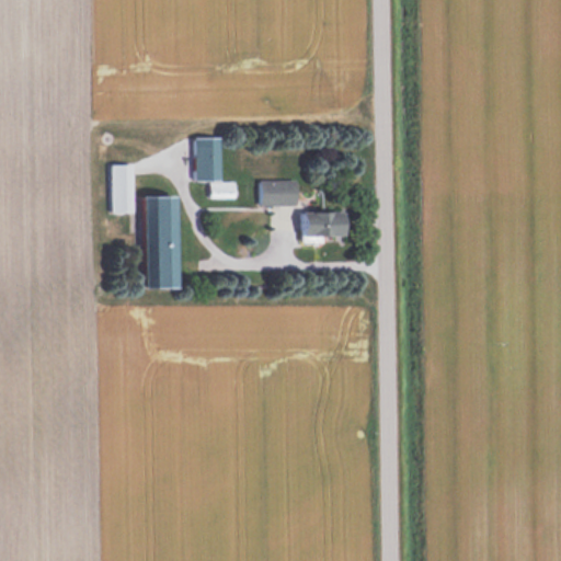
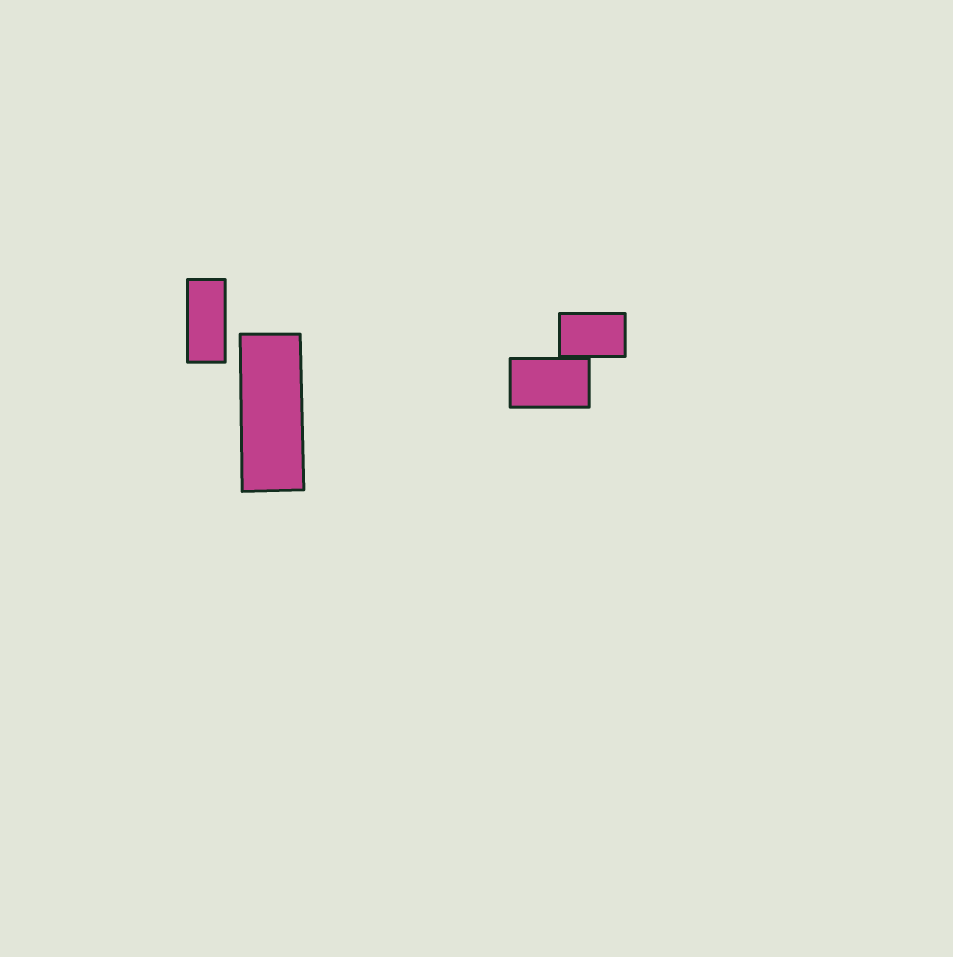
building: [196,137,237,198] -> none
building: [260,180,298,205] -> [559,313,625,357]

